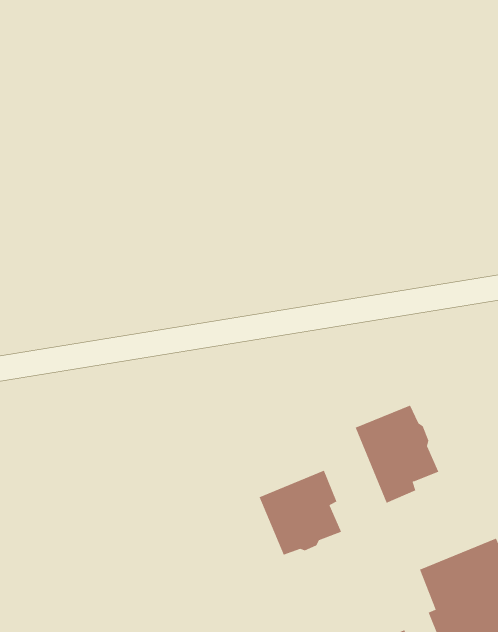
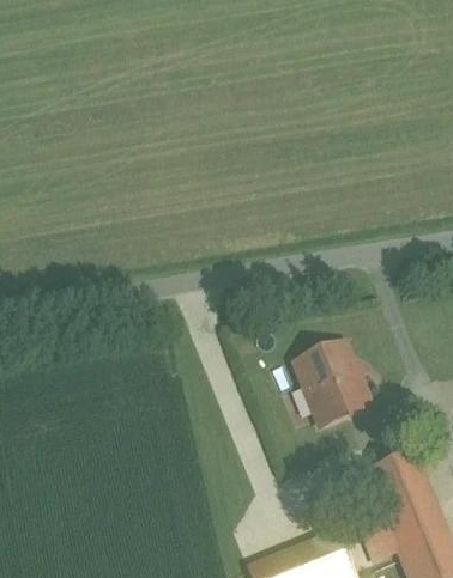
building: [259,470,342,556] -> none

